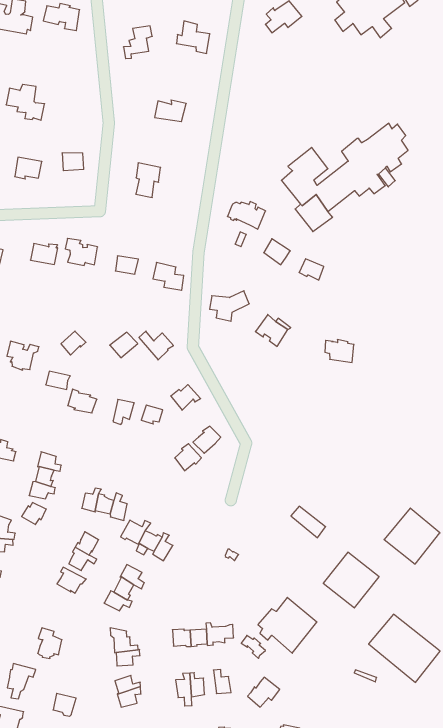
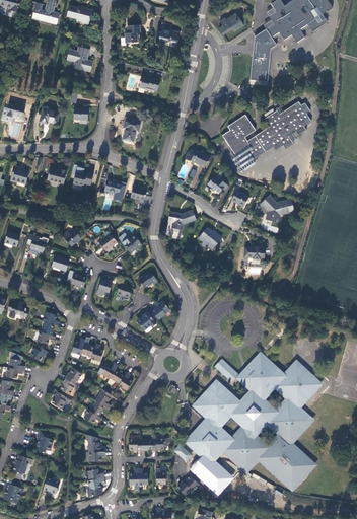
building: none -> [248,28,276,81]
building: [6,84,45,120] -> [66,47,92,72]
building: none -> [260,195,289,223]
building: none -> [241,358,280,396]
building: none -> [198,386,235,424]
building: none -> [270,401,307,440]
building: none -> [225,430,264,467]
building: none -> [193,457,229,492]

